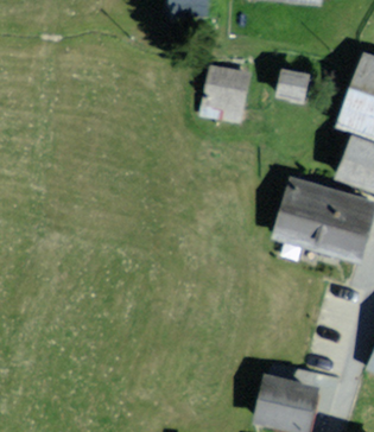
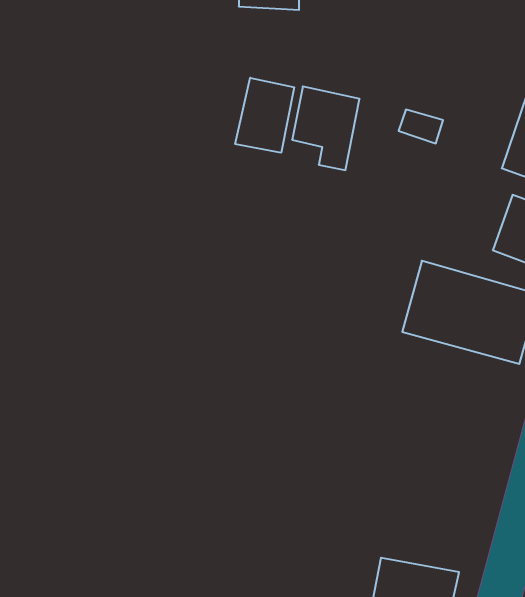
building: none -> [235,78,294,153]

